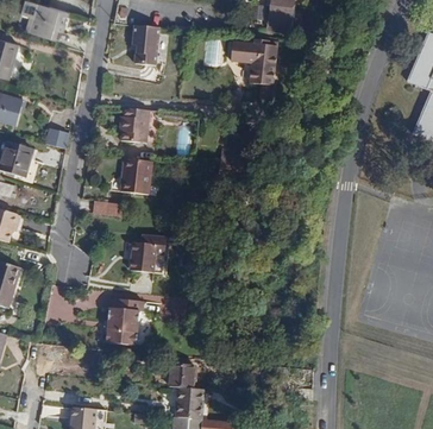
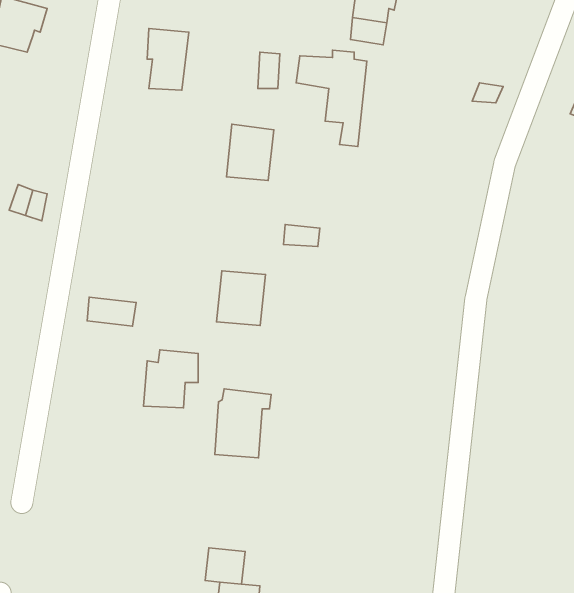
building: [119,106,150,143] -> [226,124,274,181]
building: [121,158,153,194] -> [216,271,266,325]
building: [107,299,144,345] -> [215,389,271,458]

